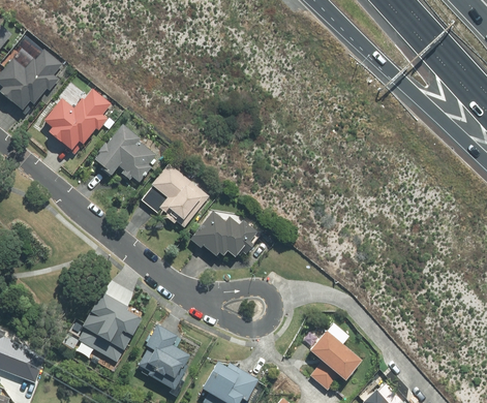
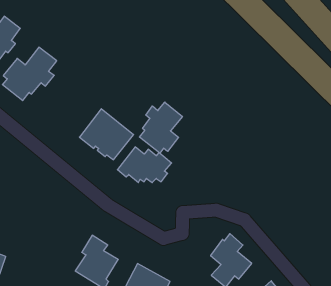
building: [93,123,154,184] -> none
building: none -> [139,102,182,153]
building: [77,292,141,370] -> none

